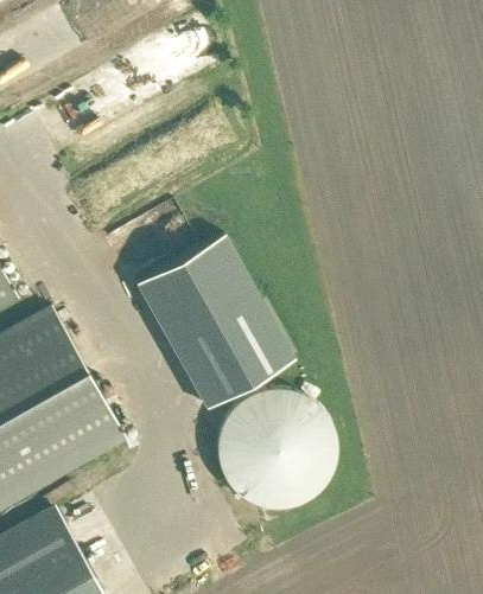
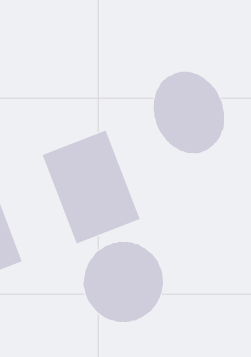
building: none -> [153,71,225,154]

